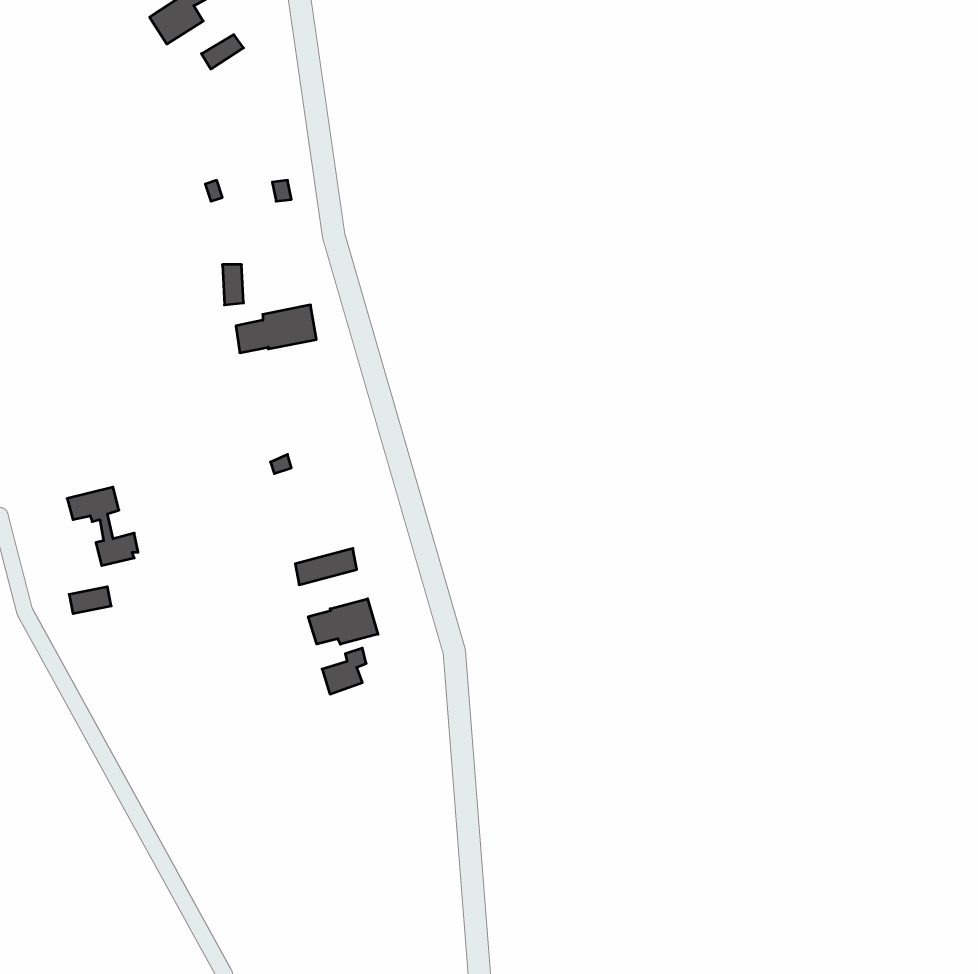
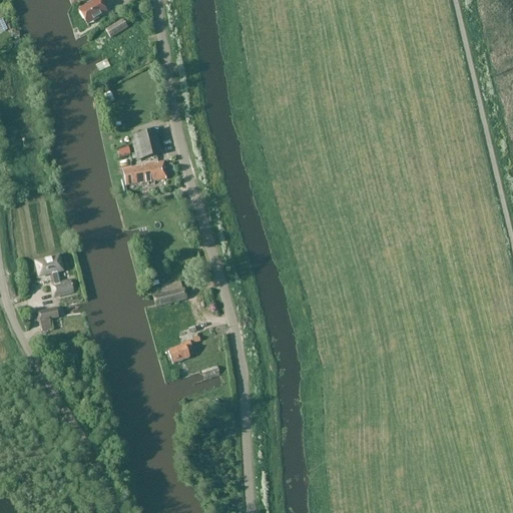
building: none -> [130,129,161,159]
building: [308,599,378,644] -> none

